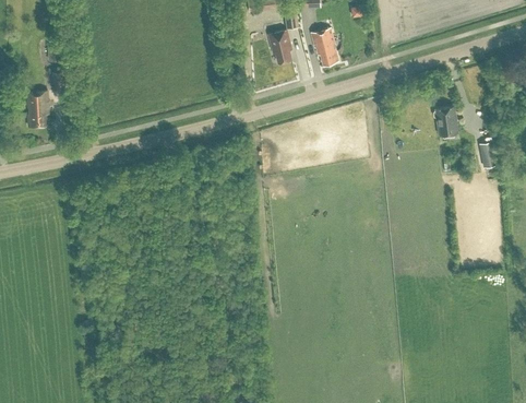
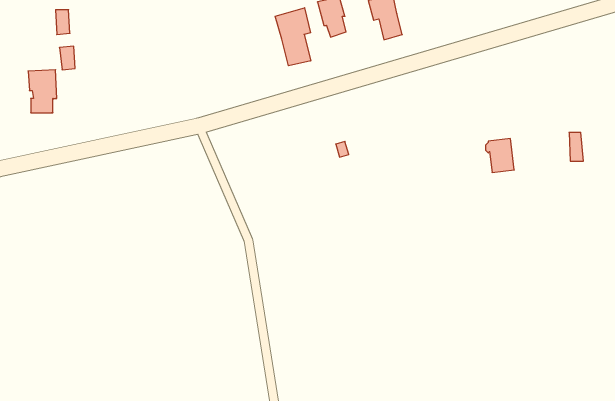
building: none -> [275,8,311,66]
building: [434,108,458,137] -> [486,139,514,172]

